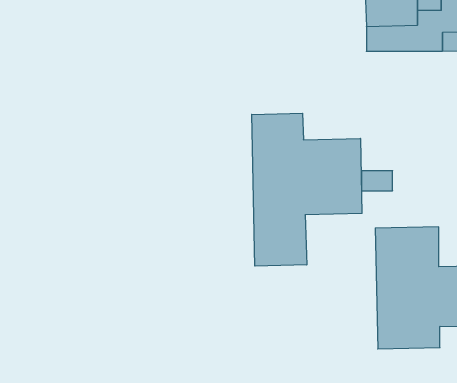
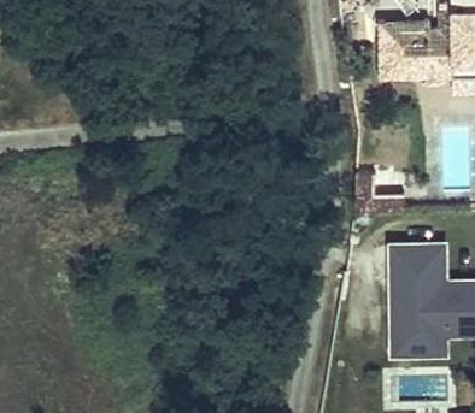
building: [252,113,362,266] -> none

